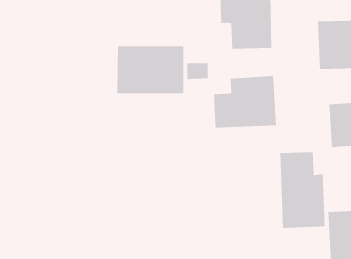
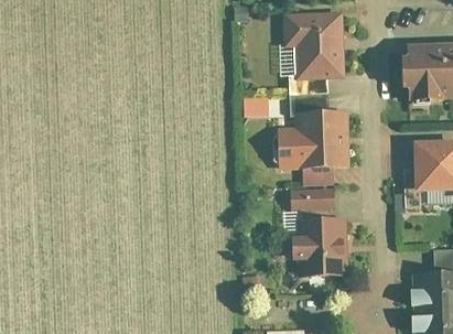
building: [116,46,184,94] -> none
building: [279,151,325,229] -> [290,187,345,280]

